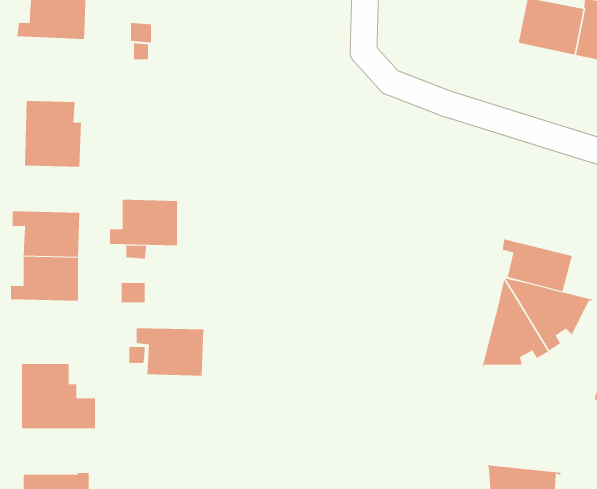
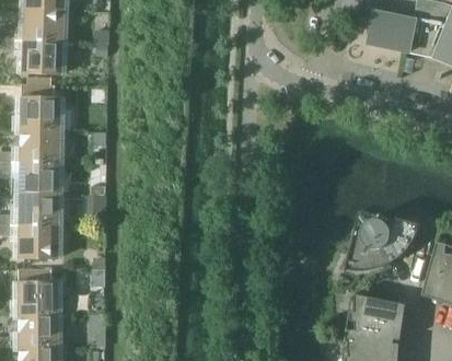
building: none -> [16,38,65,72]
building: [109,199,178,246] -> [13,129,61,162]
building: [502,239,572,292] -> none
building: [136,328,204,376] -> [12,223,60,257]
building: none -> [345,293,406,345]
building: none -> [12,314,59,346]

